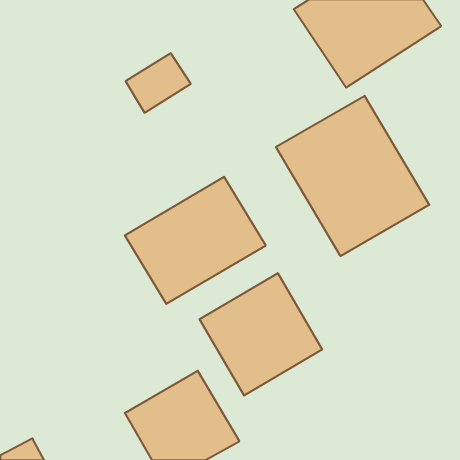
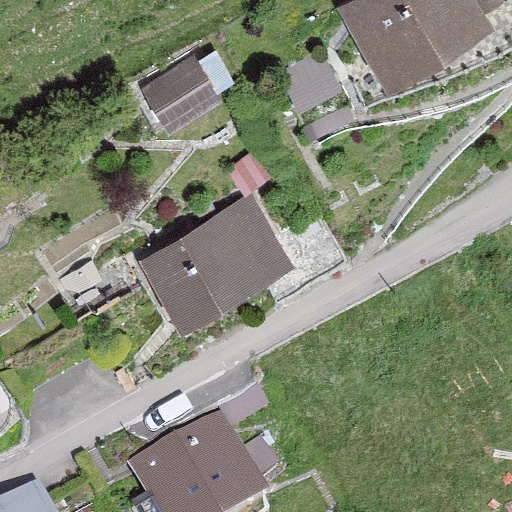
building: [276,96,429,256] -> none
building: [200,273,322,396] -> none

